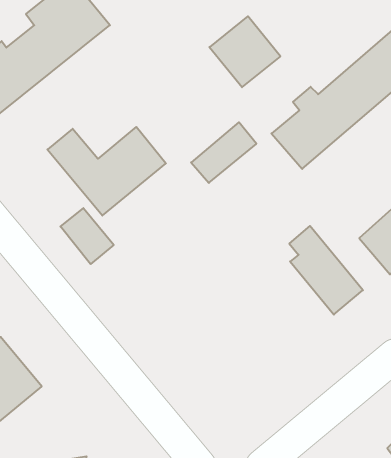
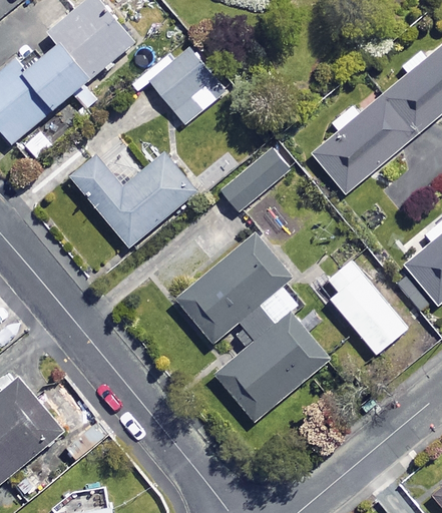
building: [209,16,280,87] -> [148,49,225,125]
building: none -> [175,231,329,422]
building: [60,208,114,264] -> none

